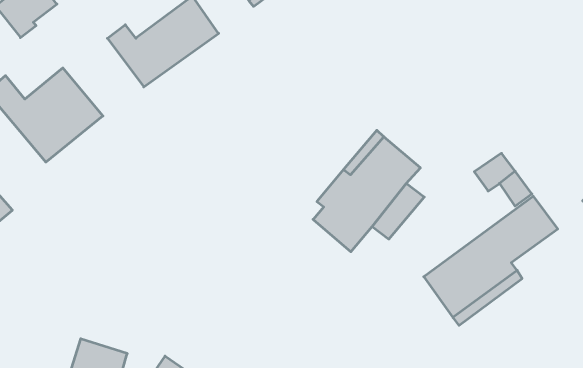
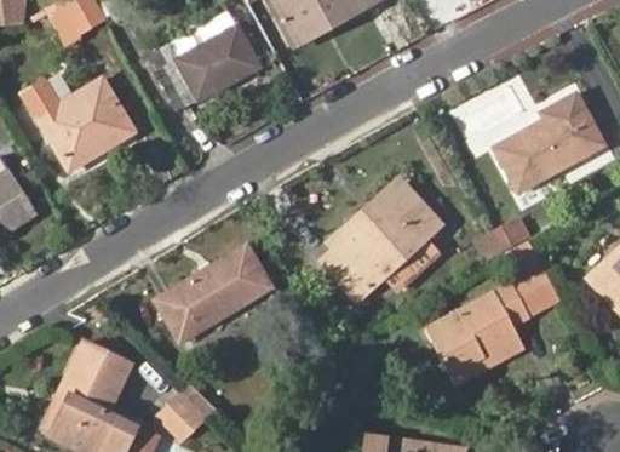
building: none -> [495,93,604,191]
building: none -> [159,248,270,339]

